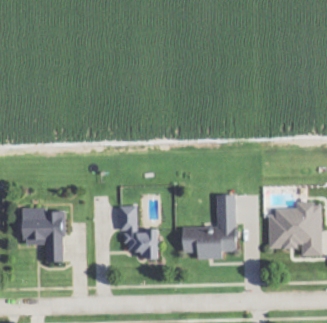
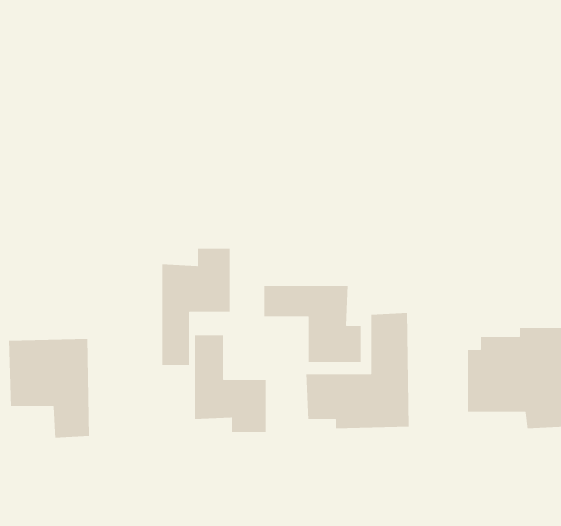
building: none -> [162,248,231,366]
building: none -> [263,285,362,363]

